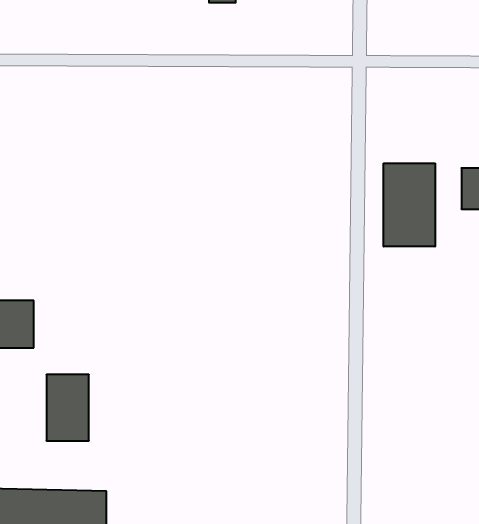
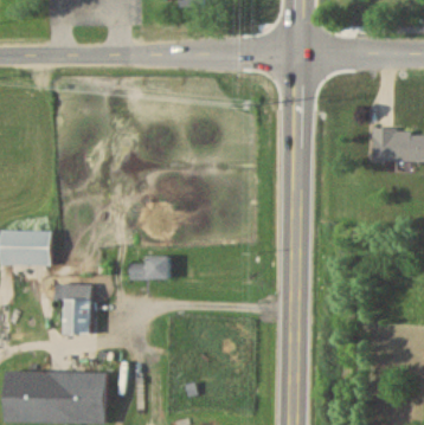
building: [384,163,435,247] -> none
building: none -> [128,258,168,281]

